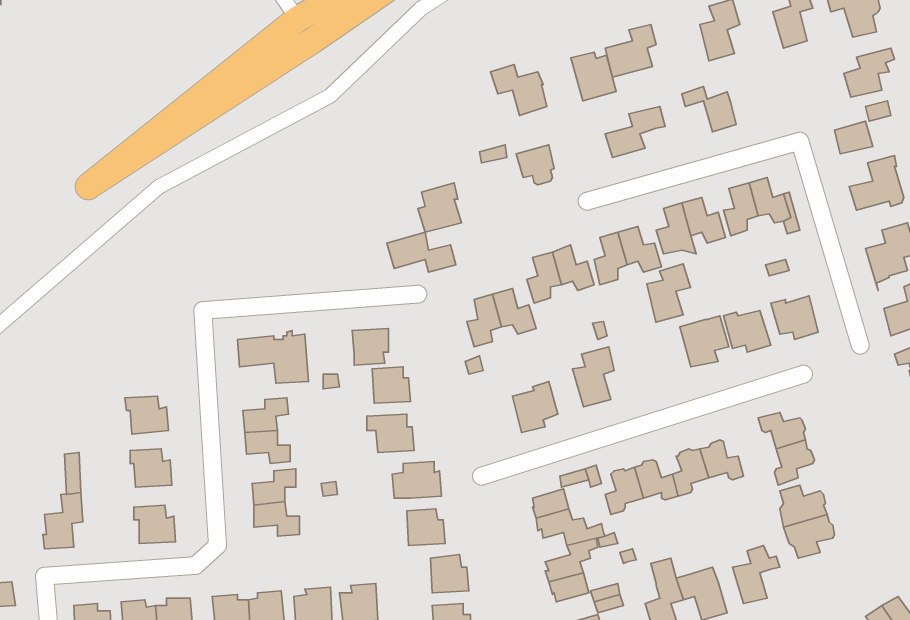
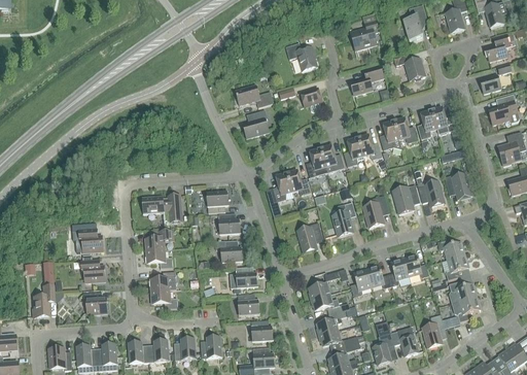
building: [571,52,616,101] -> none
building: [387,232,456,272] -> [235,84,274,107]
building: [647,264,690,322] -> [363,195,388,228]

